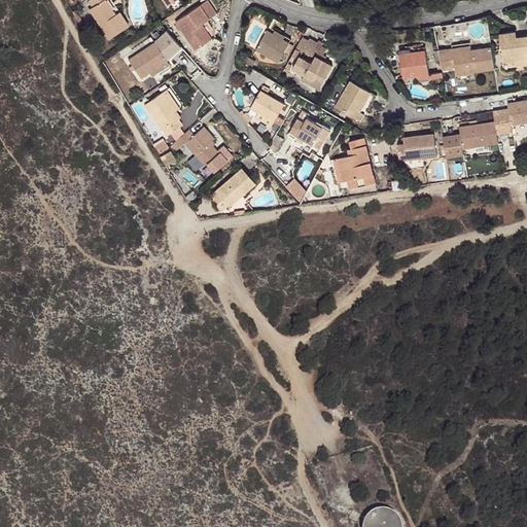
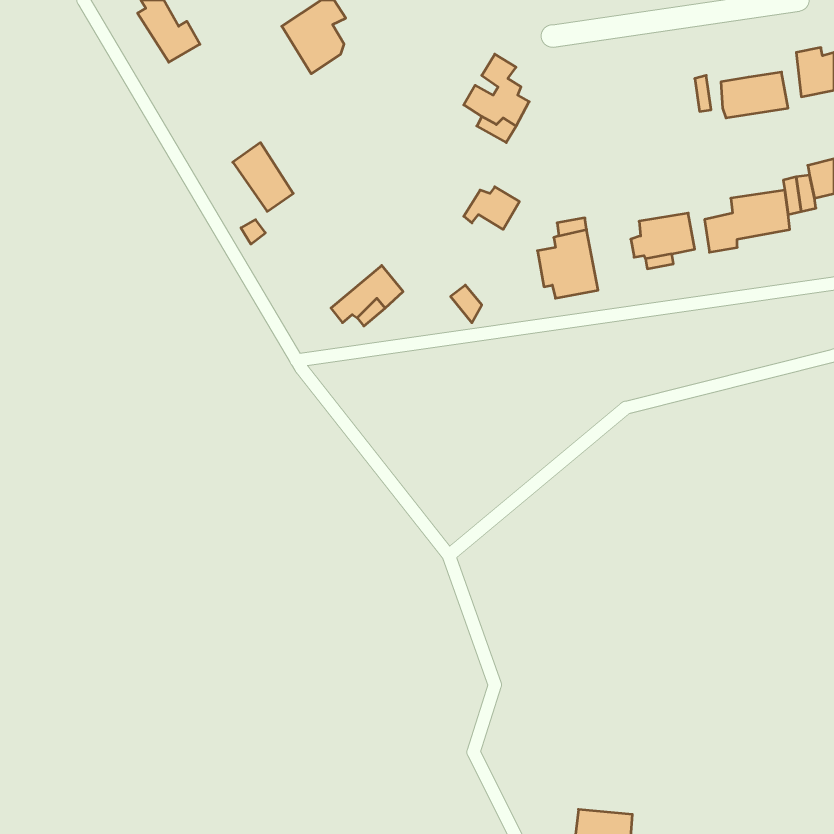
building: [252,24,290,60] -> none
building: [127,31,184,78] -> none
building: [443,41,470,71] -> none
building: [398,51,427,82] -> none
building: [336,79,373,120] -> none
building: [247,89,281,120] -> none
building: [173,126,234,174] -> none

